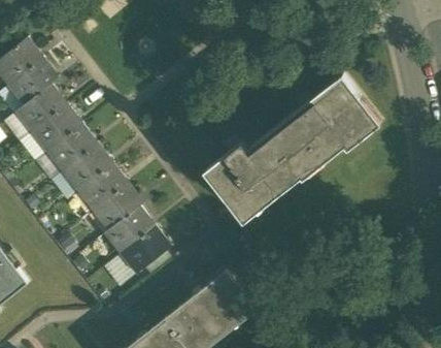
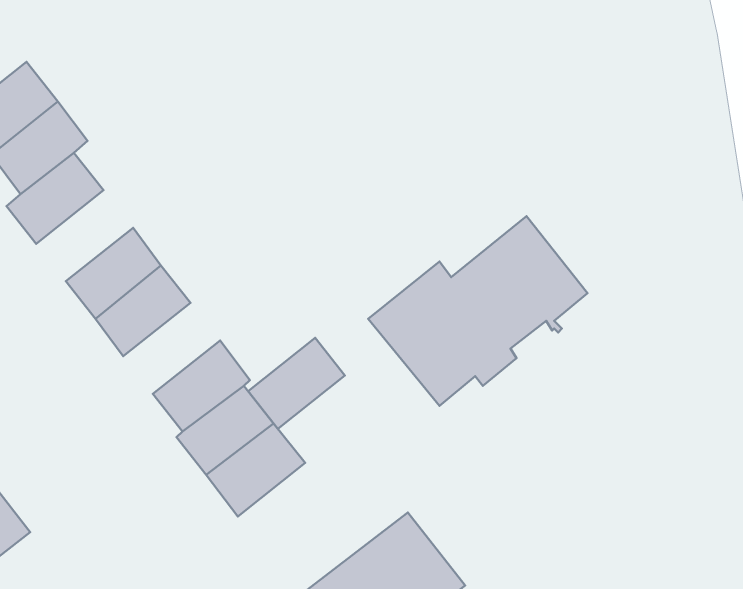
building: [287,74,376,163] -> none
building: [32,104,82,152] -> none
building: [77,163,128,211] -> [248,338,345,429]

